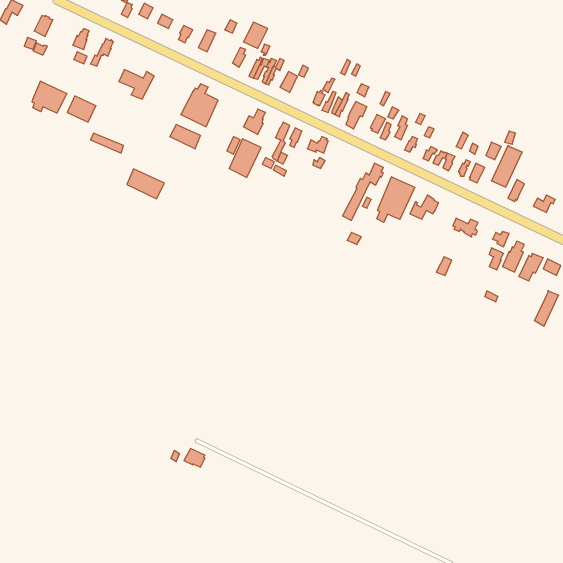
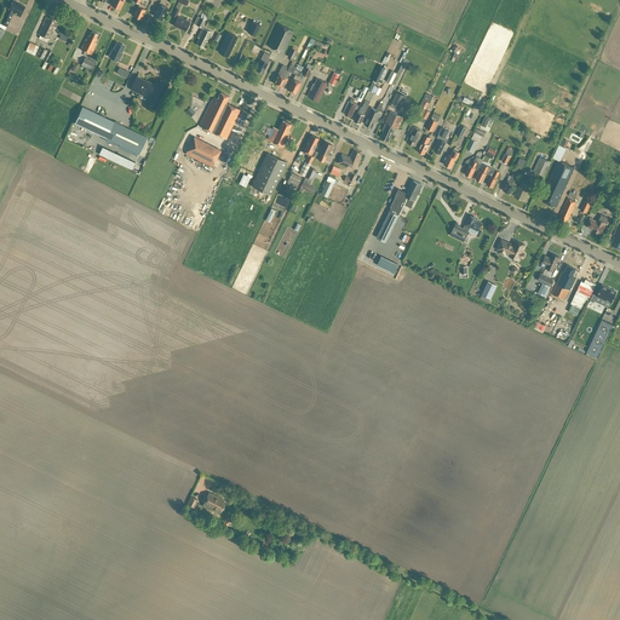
building: [32,81,67,113] -> none
building: [127,169,164,199] -> [107,121,148,154]
building: [377,177,415,222] -> none

